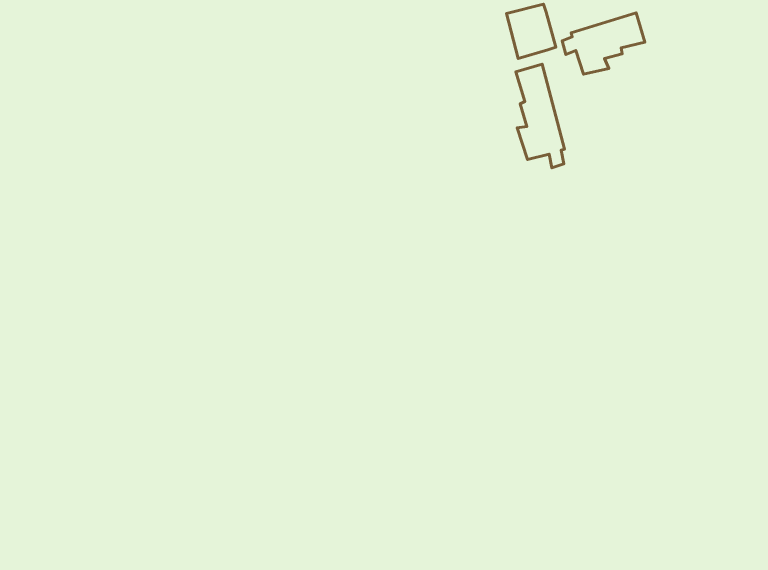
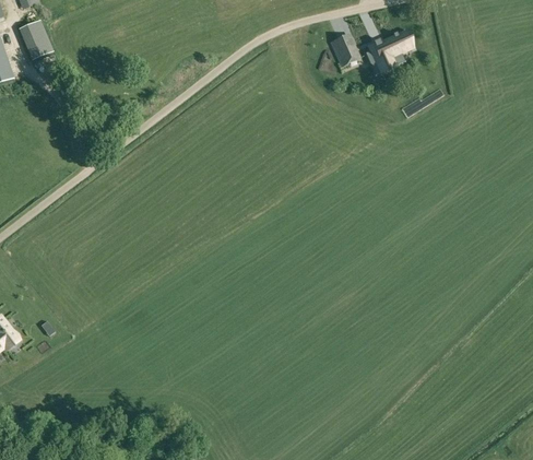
building: [516,64,565,168] -> none

